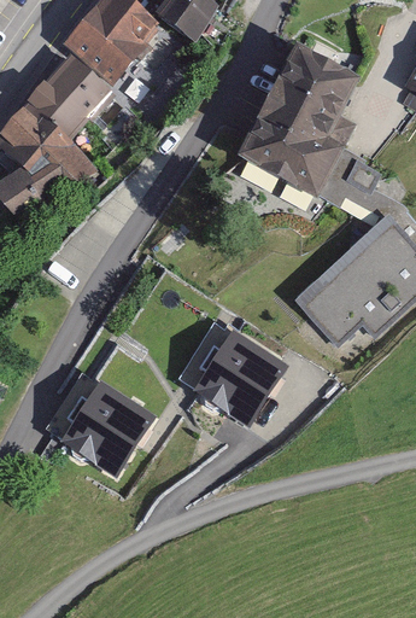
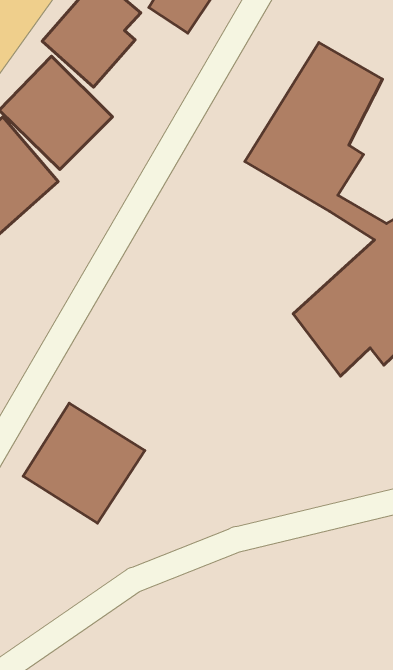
building: [192,326,287,425] -> none

